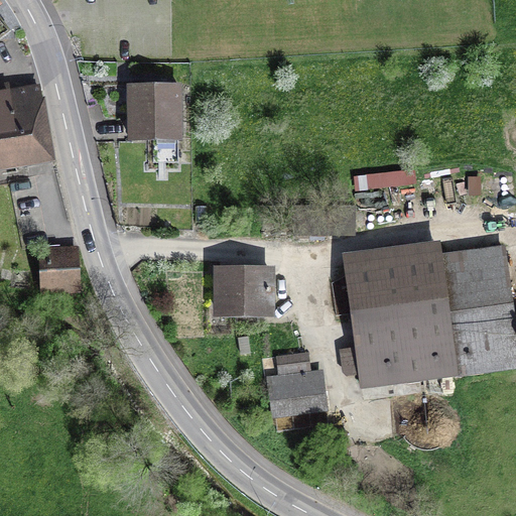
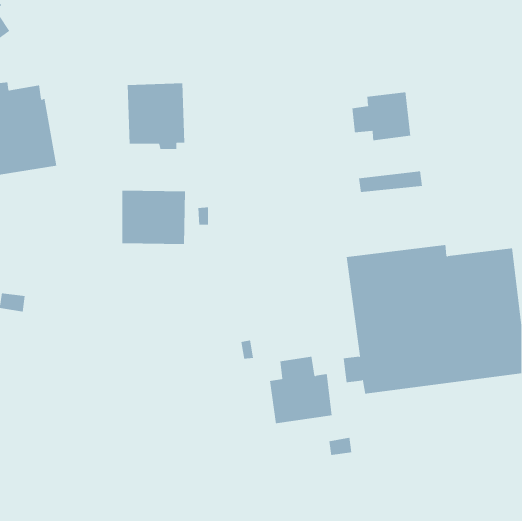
building: none -> [352,92,411,141]
building: [37,244,81,295] -> none
building: [212,265,275,318] -> [121,190,186,245]

